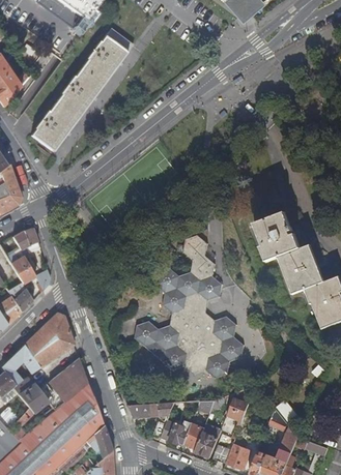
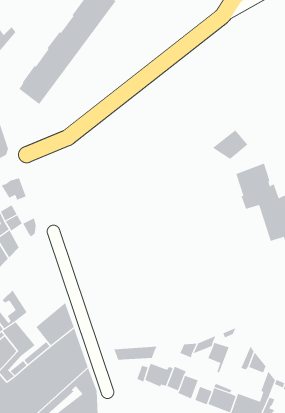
building: none -> [212,130,248,160]
building: [136,235,244,378] -> none
building: [25,313,75,367] -> none

